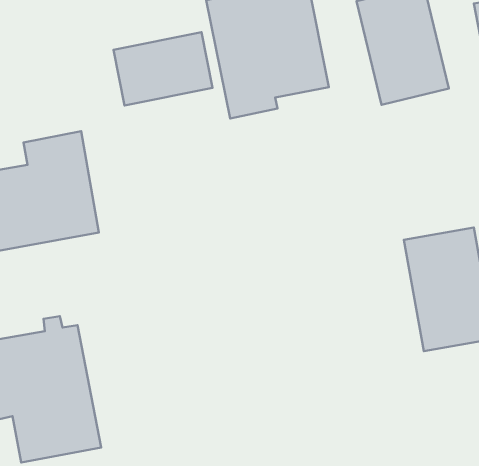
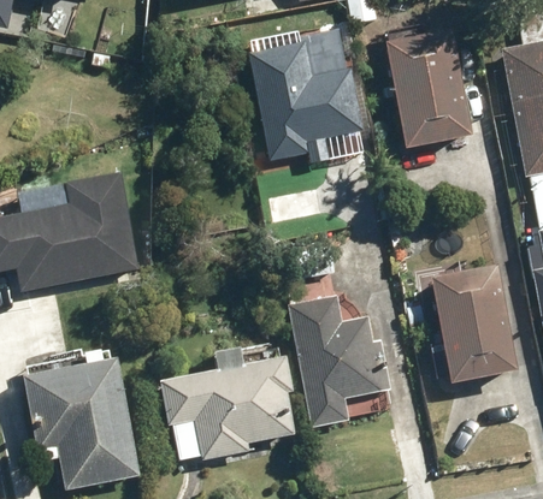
building: [113,32,213,105] -> none
building: none -> [288,298,390,426]
building: none -> [159,345,295,458]

